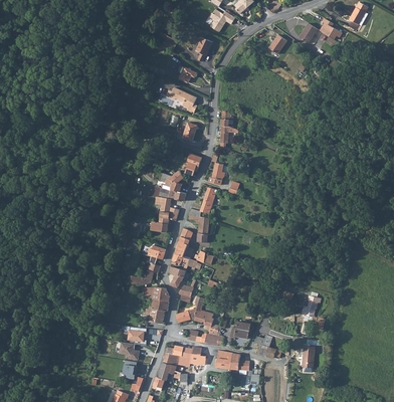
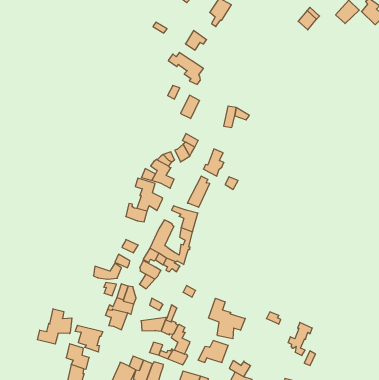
building: none -> [208,298,245,339]
building: none -> [37,309,72,344]

